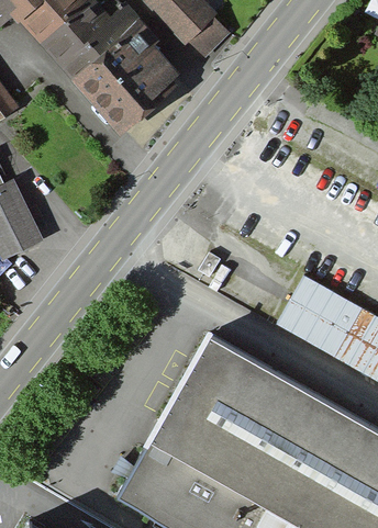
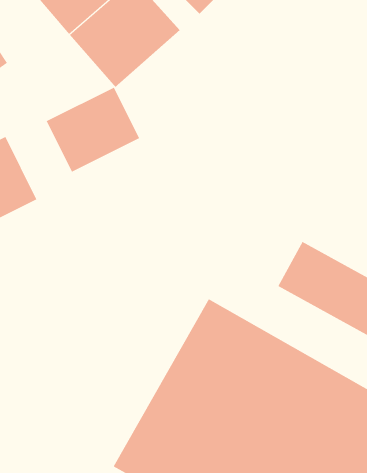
building: none -> [46,87,140,172]

